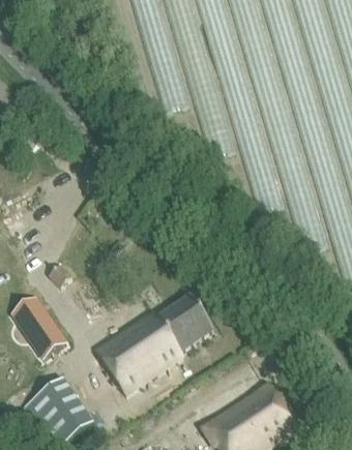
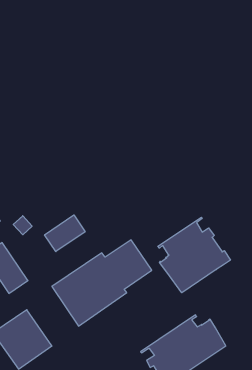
building: none -> [45,215,85,252]
building: none -> [158,217,230,293]

